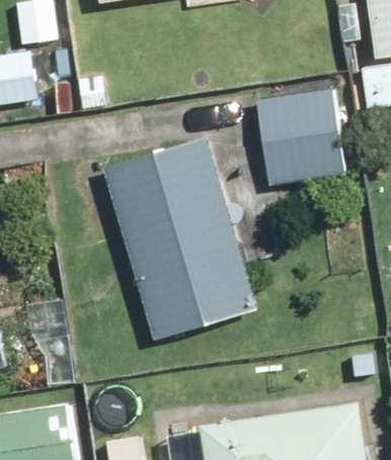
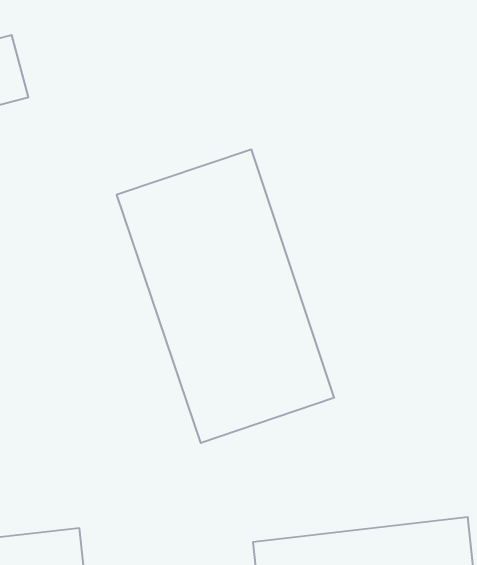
building: [254,83,349,186] -> none

